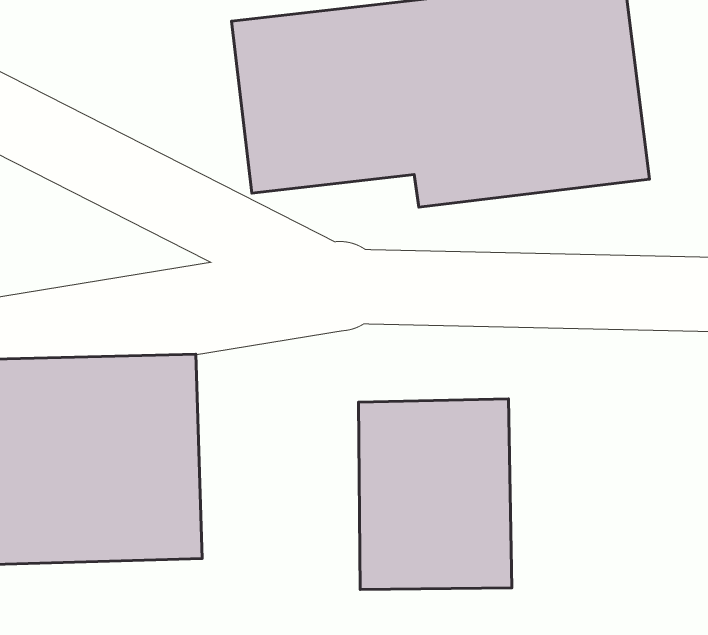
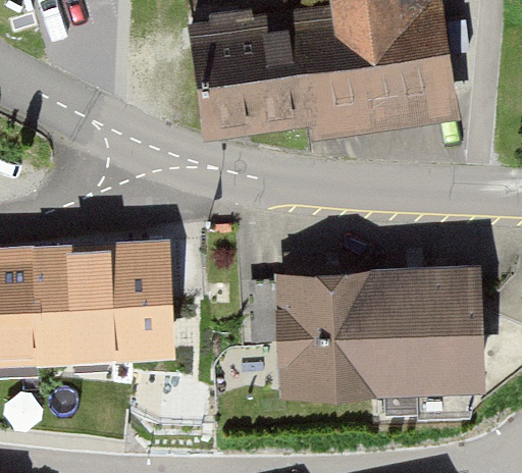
building: none -> [371,268,472,393]

